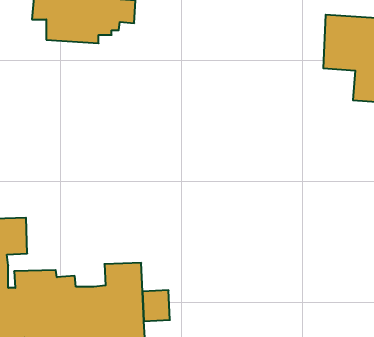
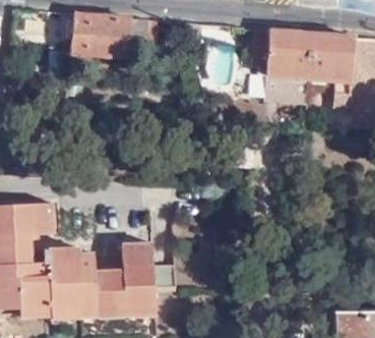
building: none -> [249,26,309,77]

